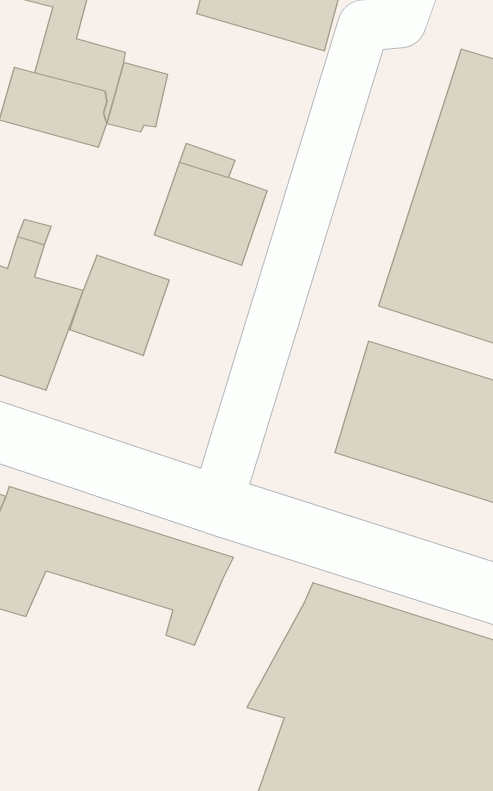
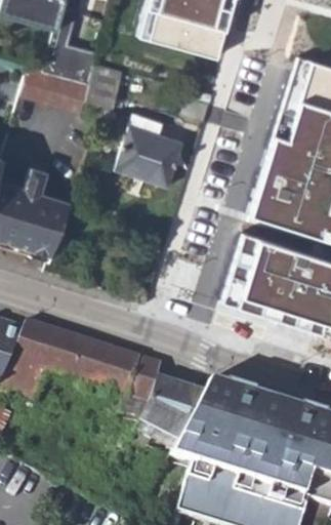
building: [70,255,169,356] -> none
building: none -> [132,375,208,456]

